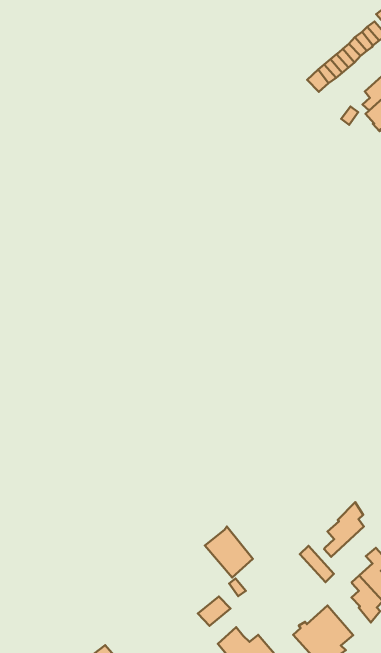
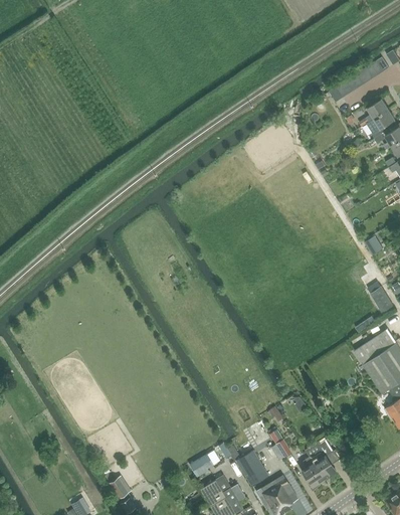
building: [324,502,364,557] -> none
building: [205,527,253,577] -> [235,449,268,486]

